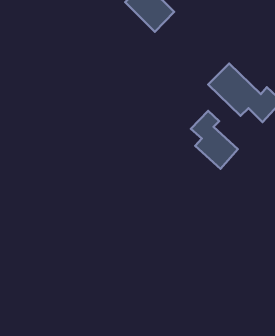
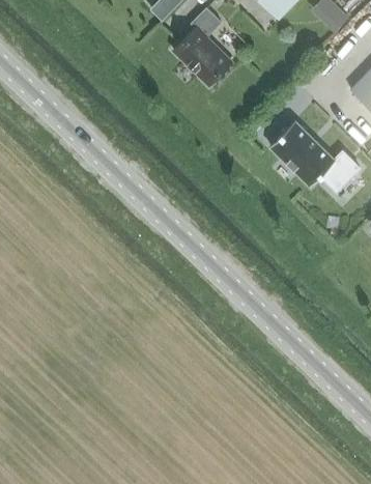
building: [191,111,238,169] -> none

